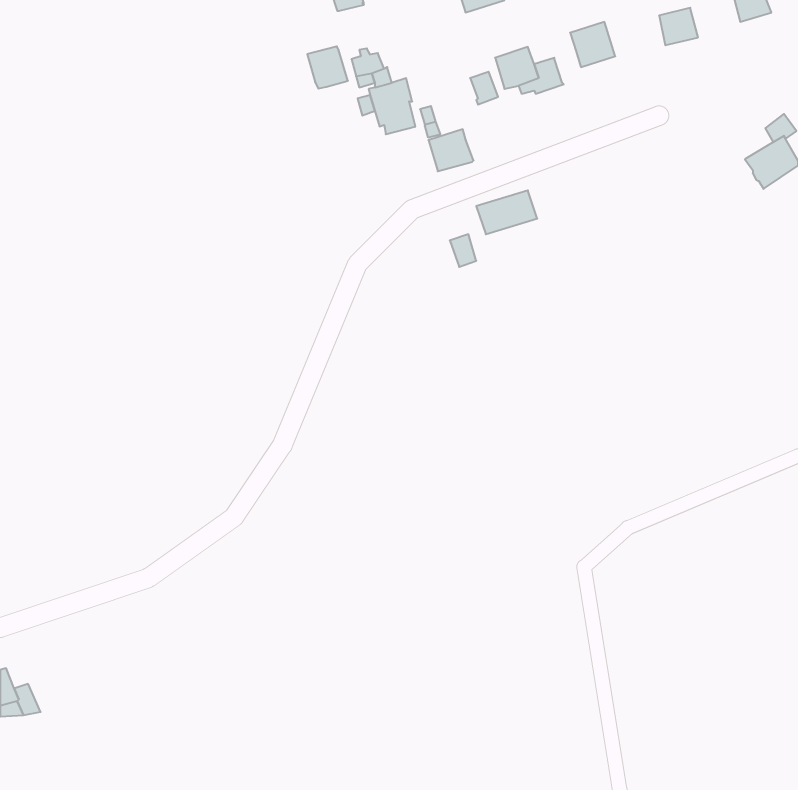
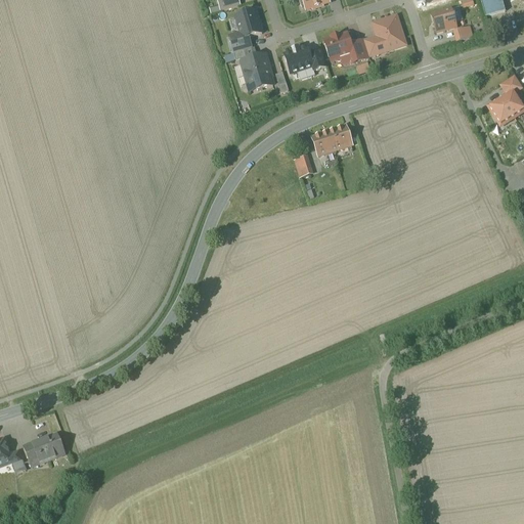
building: [307,46,348,89] -> [235,8,262,36]
building: none -> [363,34,405,54]
building: [428,129,474,171] -> [283,44,313,72]
building: none -> [24,433,62,465]

